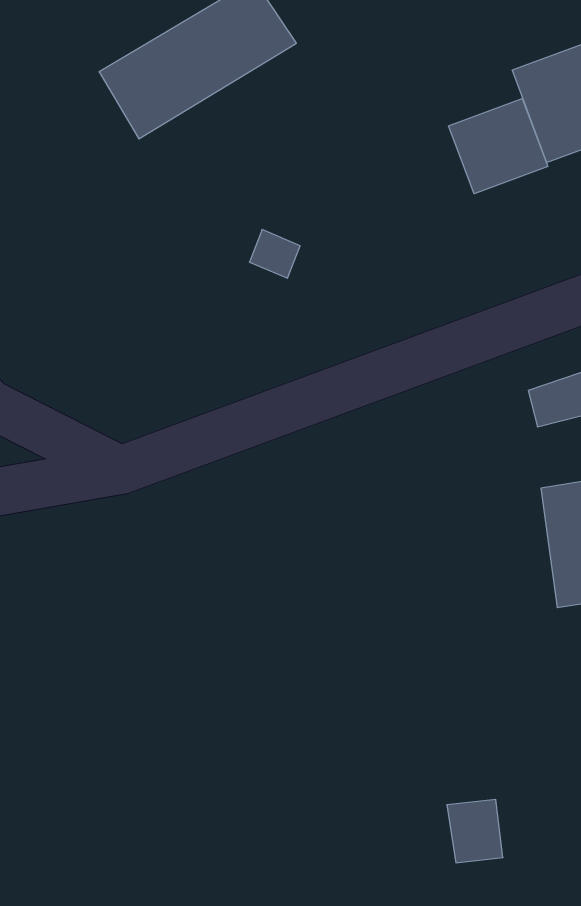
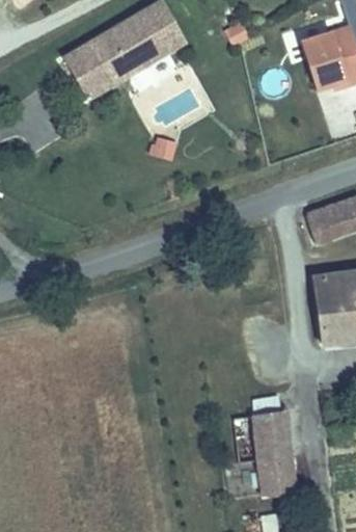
building: [448,98,548,194] -> none
building: none -> [255,420,289,462]

